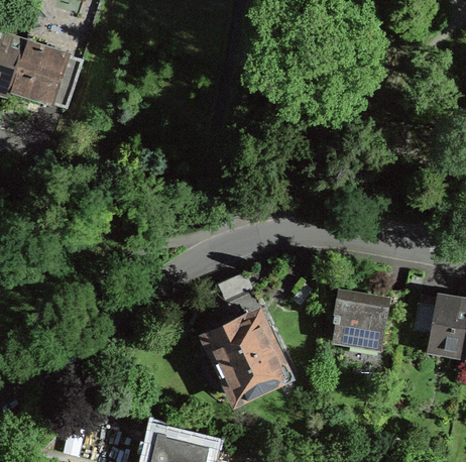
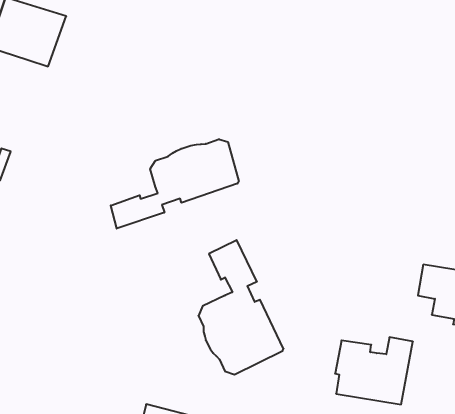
building: none -> [111,139,239,229]
building: [331,291,404,354] -> [335,337,413,404]

